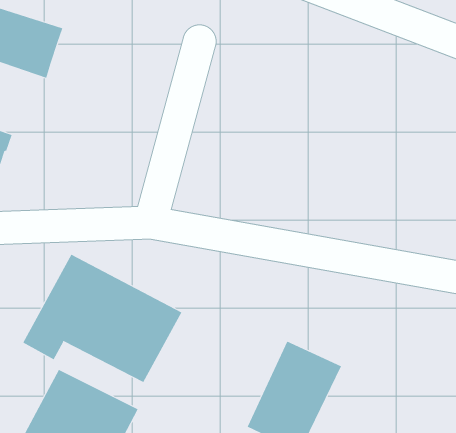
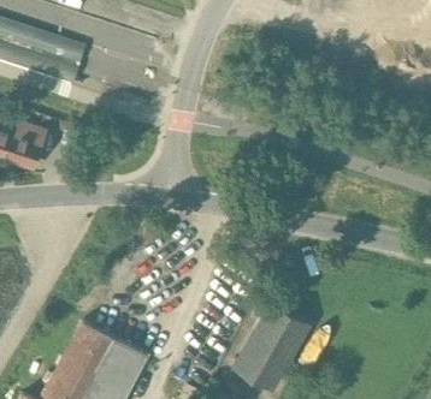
building: [22,254,182,383] -> none

